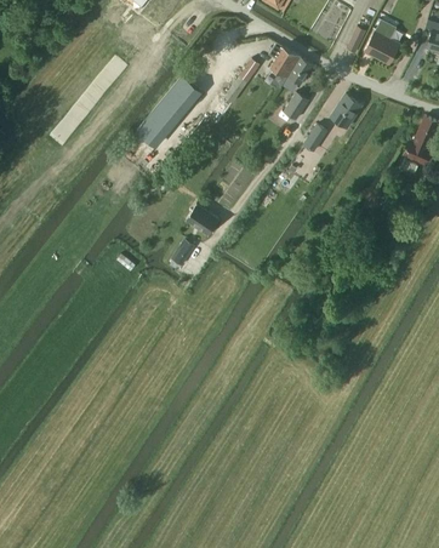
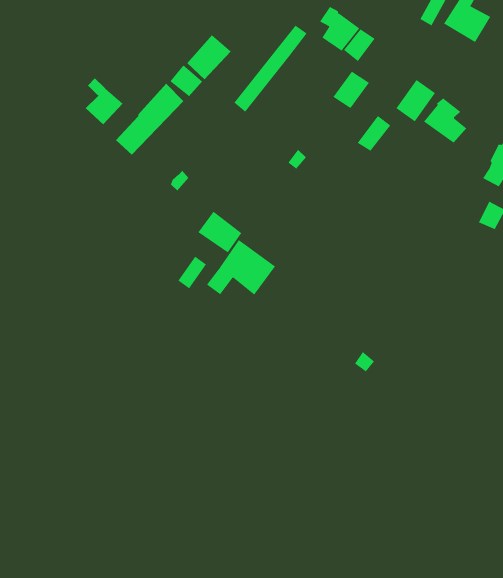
building: none -> [85,78,123,125]
building: none -> [423,97,467,143]
building: none -> [206,239,276,296]

